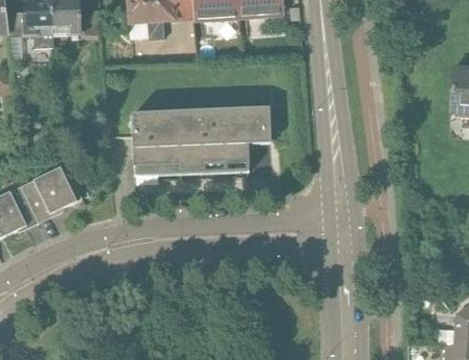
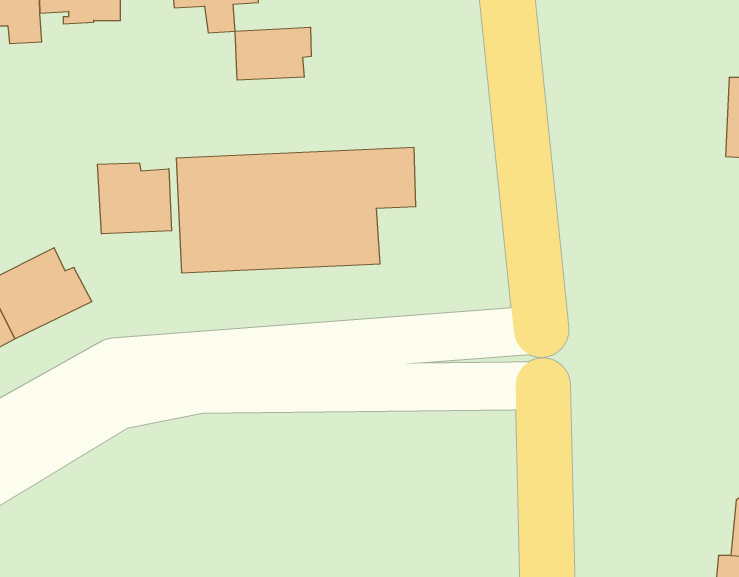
building: none -> [235,27,311,80]
building: none -> [97,163,172,234]

